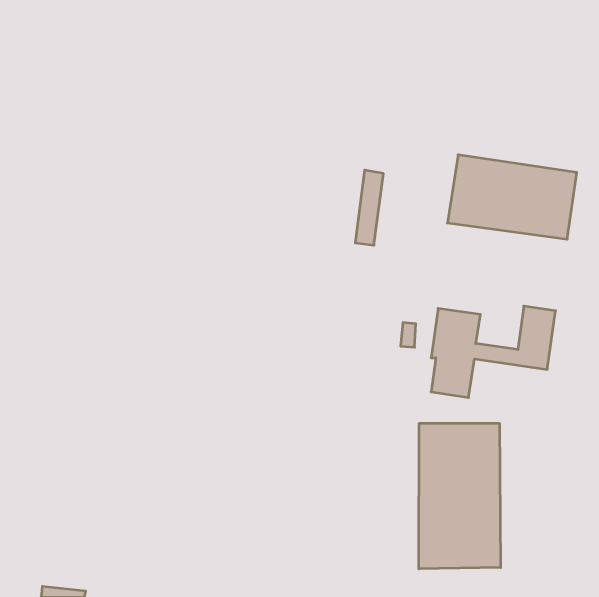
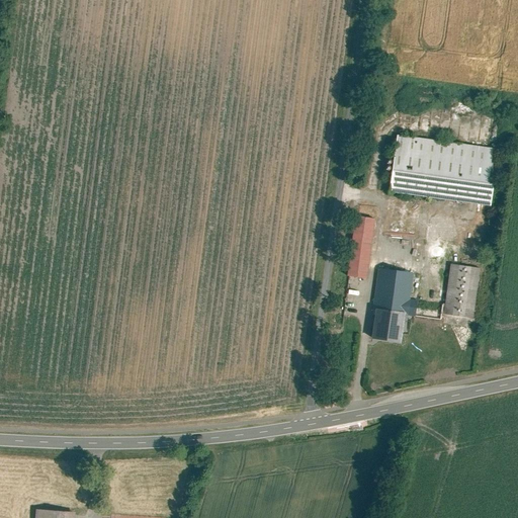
building: [355,170,383,245] -> [351,211,375,276]
building: [419,423,501,569] -> none

